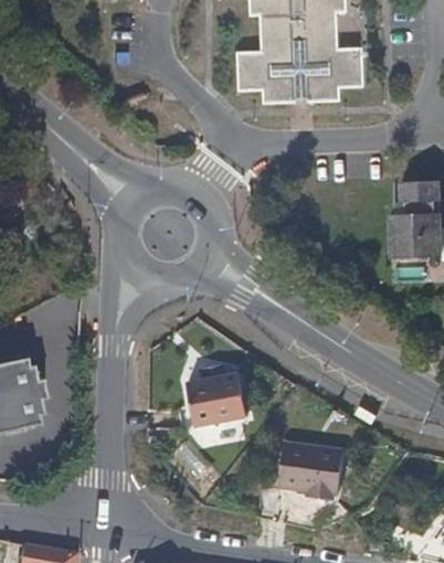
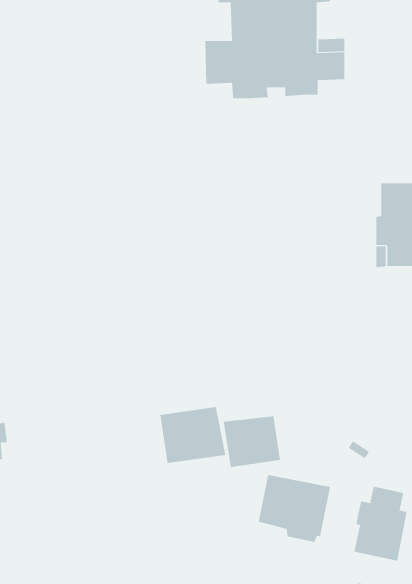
building: none -> [223,416,281,468]
building: none -> [354,486,407,562]

